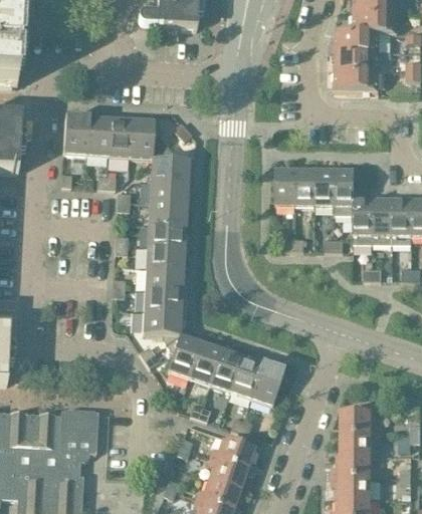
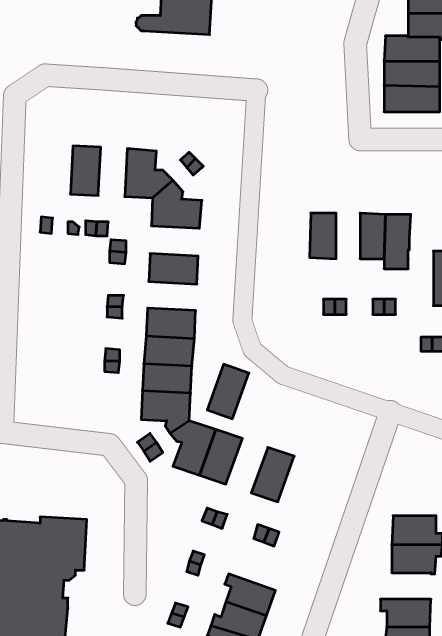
building: [62,115,86,155] -> none
building: [107,117,130,157] -> none
building: [295,170,314,206] -> none
building: [148,180,187,204] -> none
building: [352,199,373,243] -> none
building: [146,224,185,247] -> none
building: [208,348,241,392] -> [207,364,249,419]
building: [249,362,283,406] -> none
building: [210,436,255,469] -> none
building: [331,453,371,476] -> none

